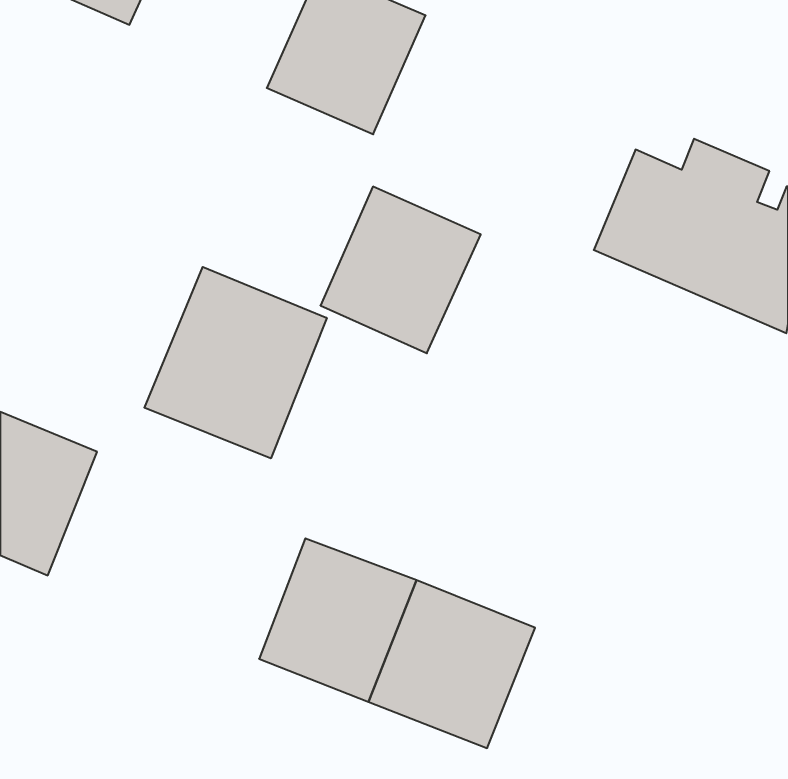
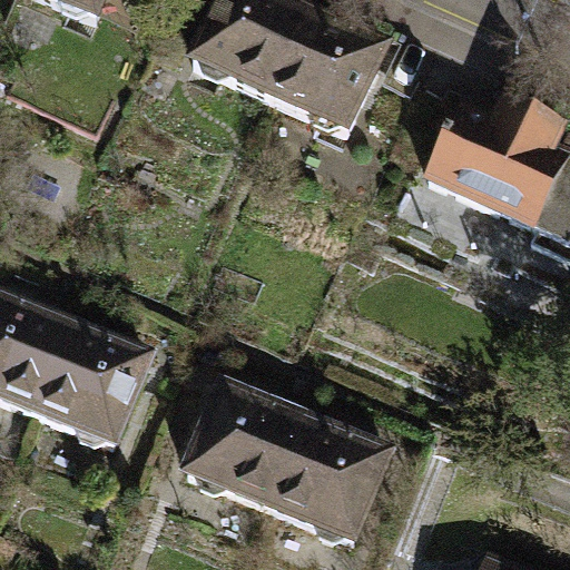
building: [320,187,481,353] -> [269,11,385,131]
building: [144,267,327,458] -> none
building: none -> [35,326,149,446]

